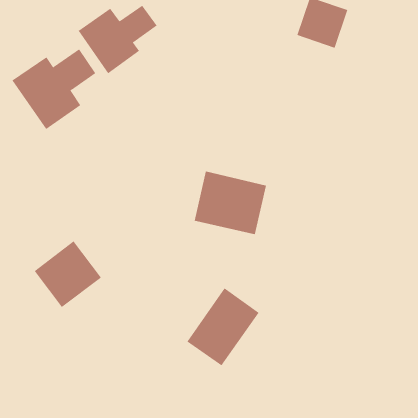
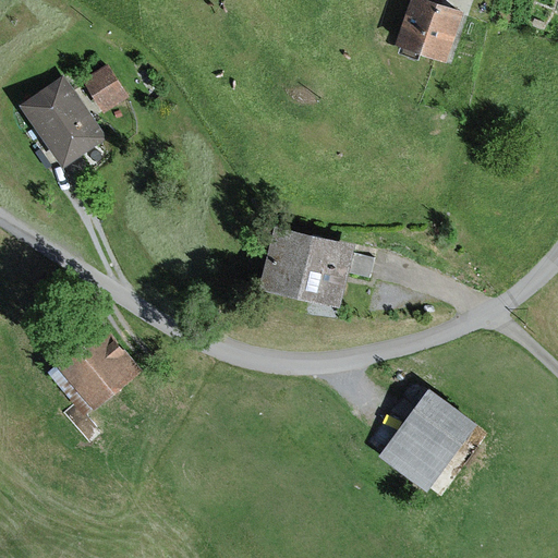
building: [78,5,158,74] -> none
building: [186,287,259,366] -> [375,385,472,489]

